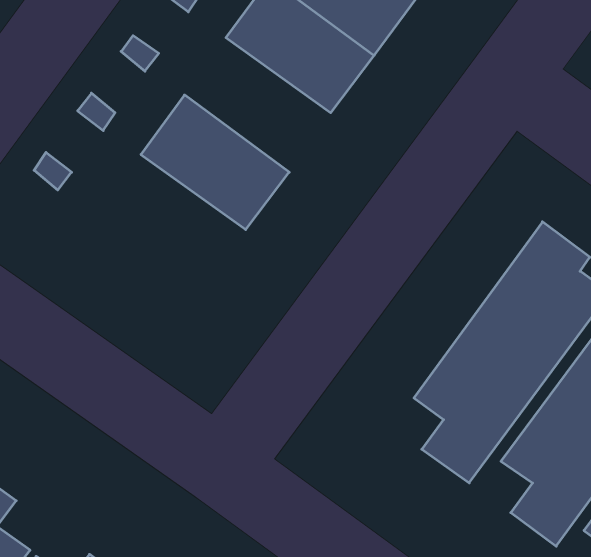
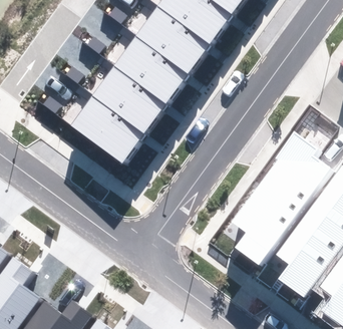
building: none -> [115,37,190,105]
building: none -> [71,96,146,164]

